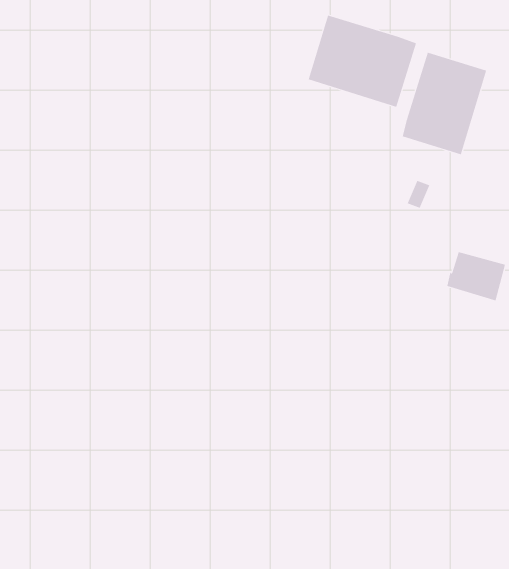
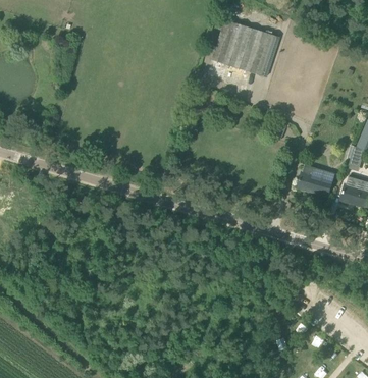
building: [402,52,487,155] -> none

